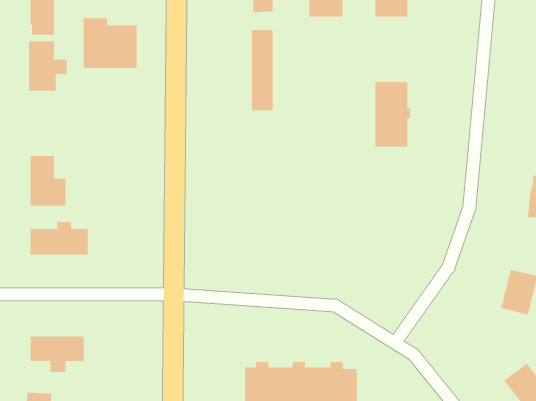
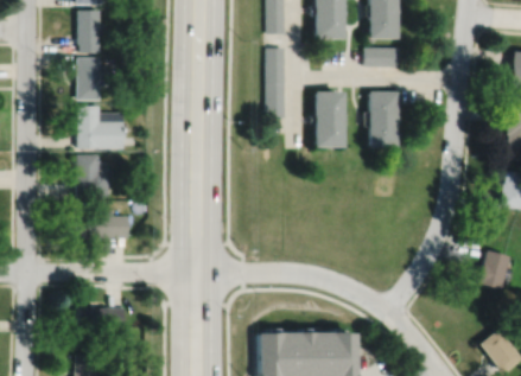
building: [83,18,137,68] -> [77,107,123,149]
building: none -> [364,49,402,68]
building: none -> [309,91,342,147]

